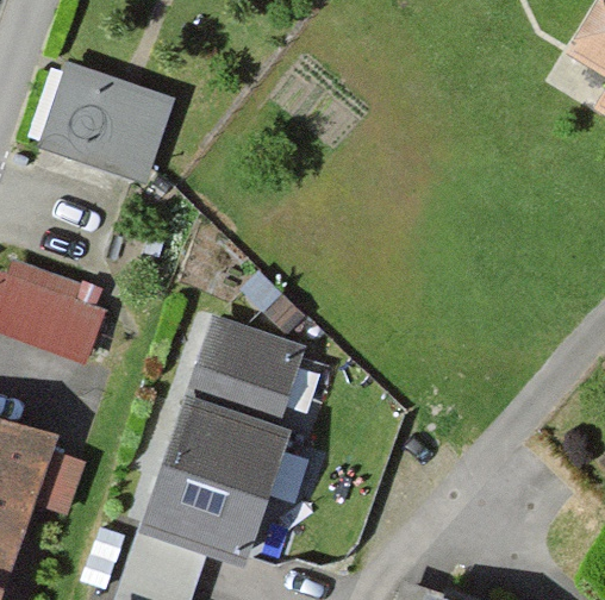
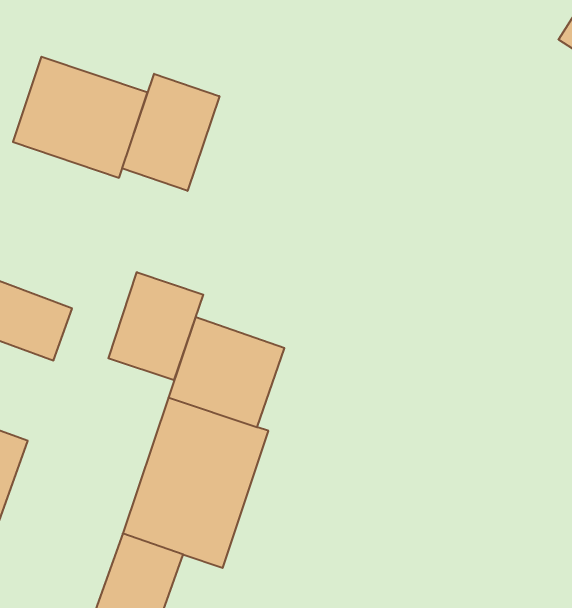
building: none -> [122,74,219,191]
building: none -> [108,272,203,380]

